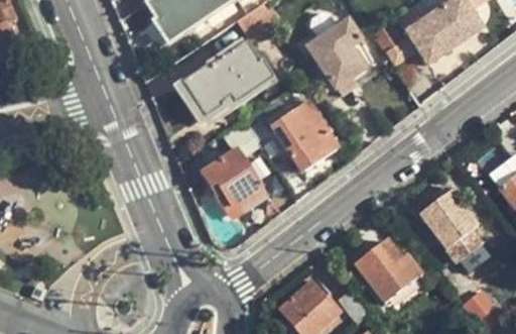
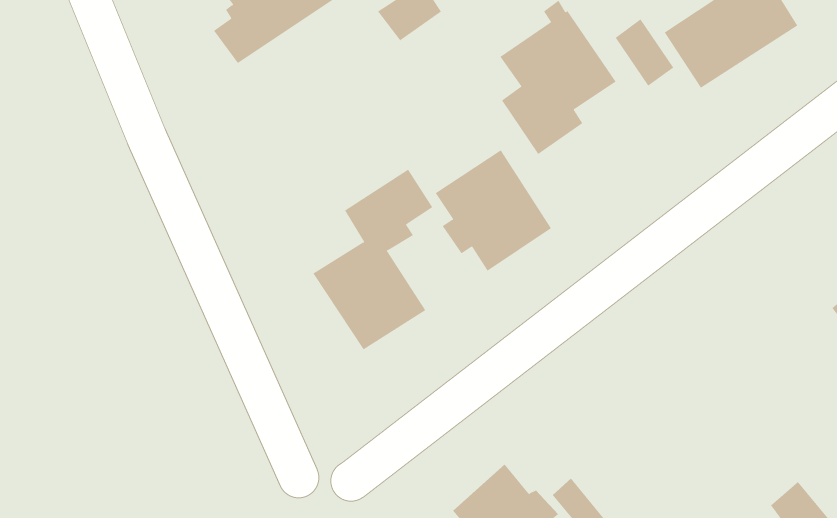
building: [172,36,274,127] -> none
building: [420,185,483,262] -> none
building: [357,239,417,300] -> none

